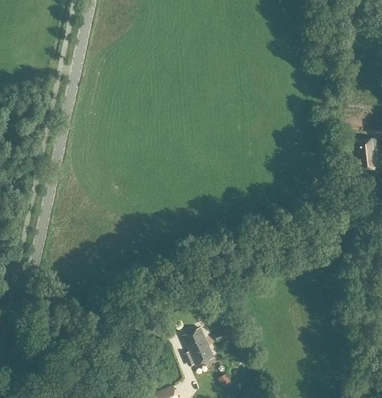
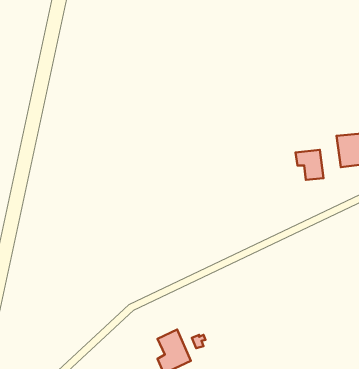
building: none -> [296,150,324,180]

